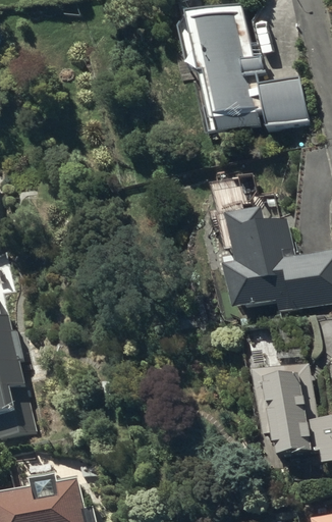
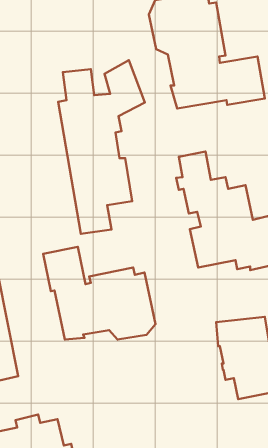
building: none -> [58,60,145,234]
building: none -> [43,247,156,339]

